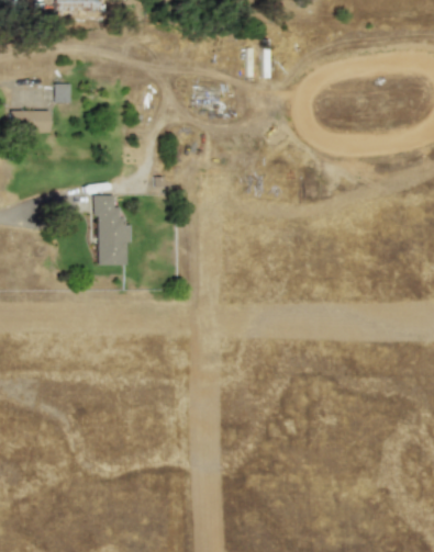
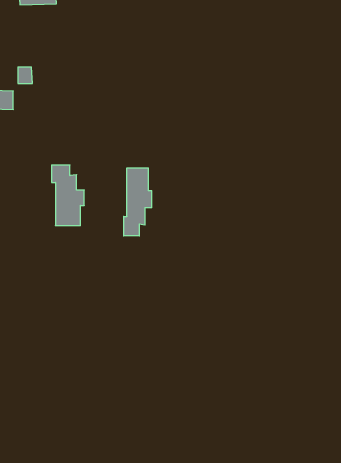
building: none -> [124,168,152,236]

